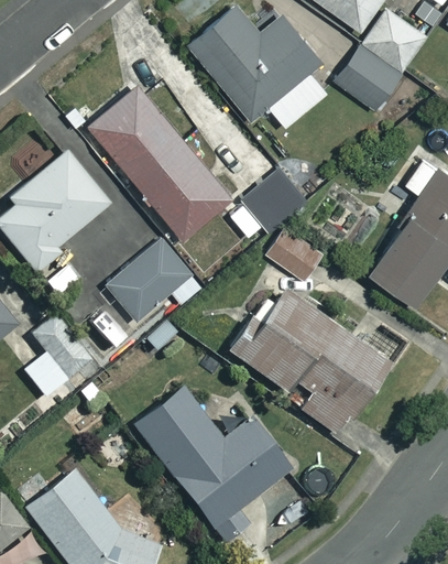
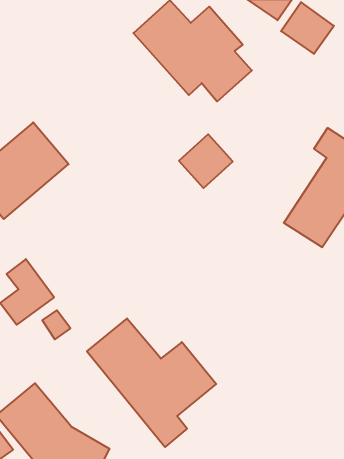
building: [337,45,403,110] -> none
building: [86,83,234,239] -> none
building: [269,227,328,282] -> none
building: [107,237,207,321] -> none
building: [232,290,387,434] -> none

